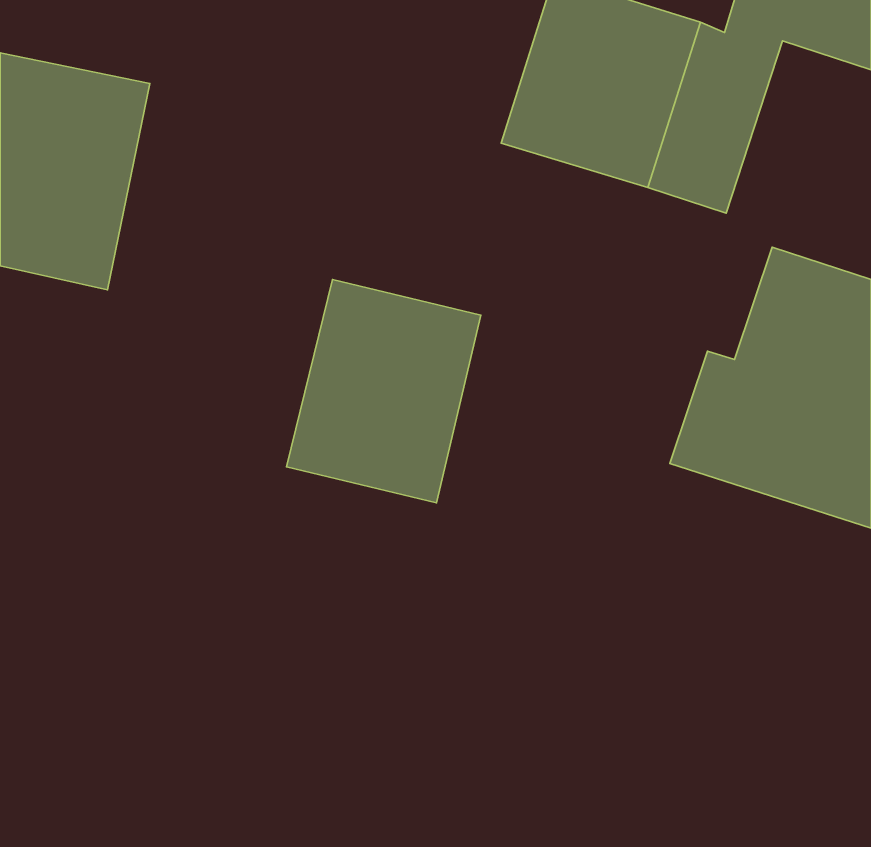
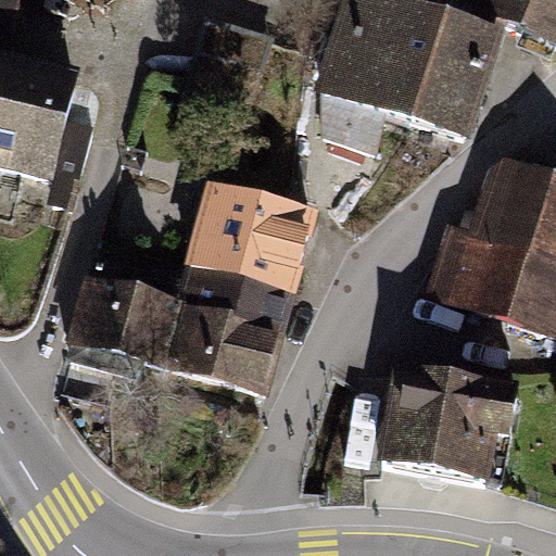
building: none -> [65,271,278,399]
building: none -> [384,369,526,479]

